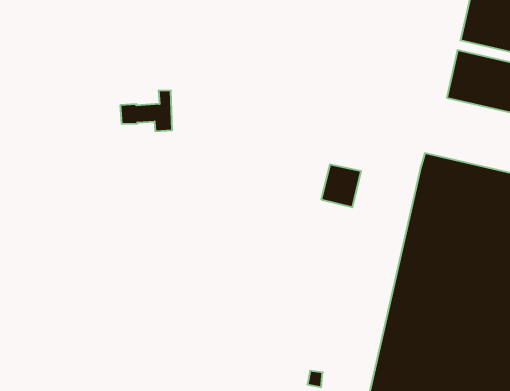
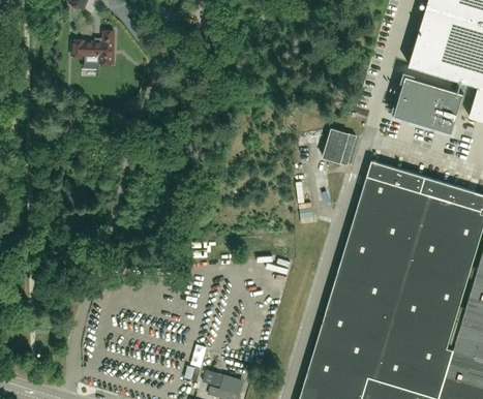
building: [120,90,172,131] -> [70,31,114,65]
building: [321,164,361,207] -> [323,128,358,165]

